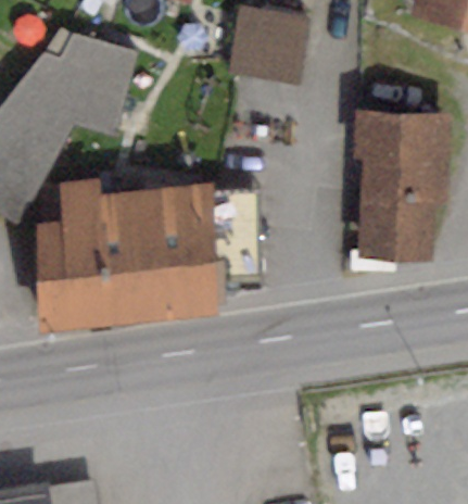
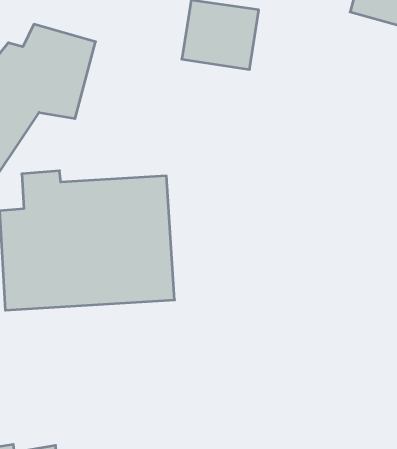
building: [354,103,451,256] -> none

